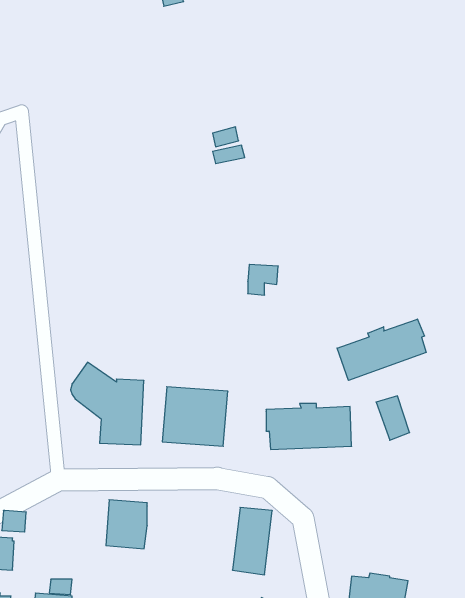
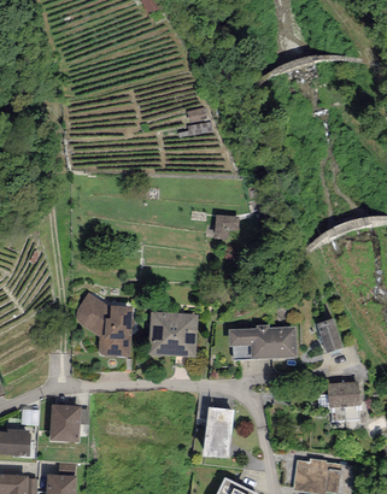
building: [337,319,426,380] -> none
building: none -> [328,382,359,407]
building: [106,500,147,549] -> [48,404,81,442]

